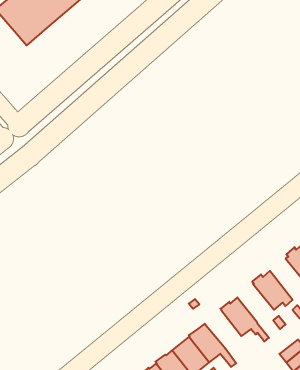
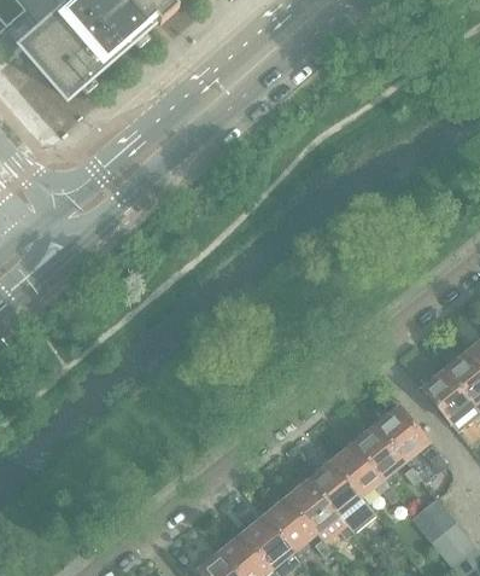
building: none -> [355,424,405,477]
building: none -> [310,460,376,533]

